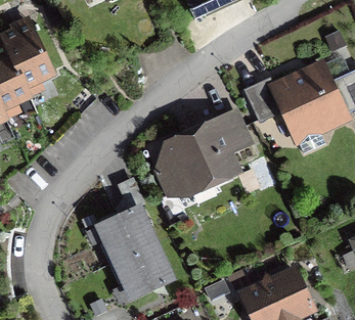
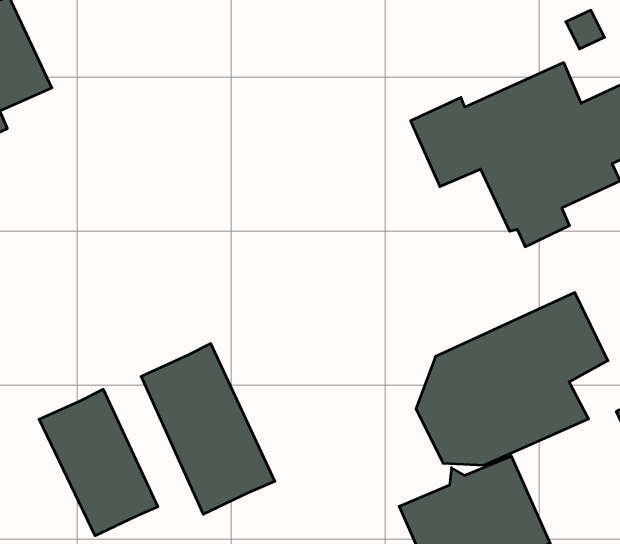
building: [153,107,255,198] -> [416,293,608,465]
building: none -> [39,389,158,536]

